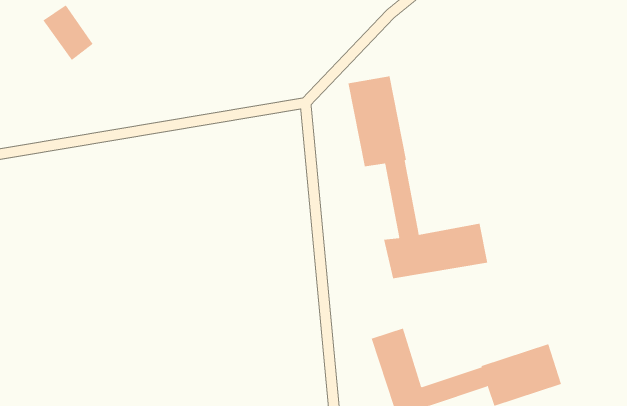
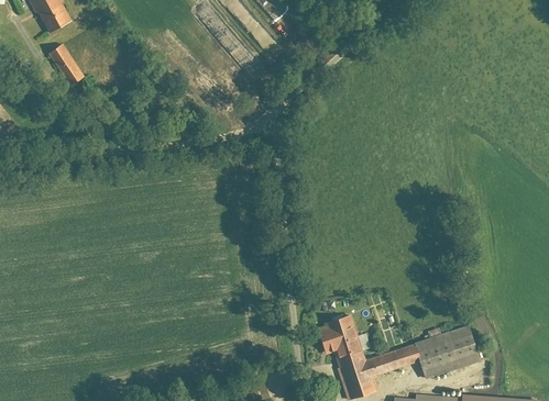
building: [348,76,488,279] -> none

